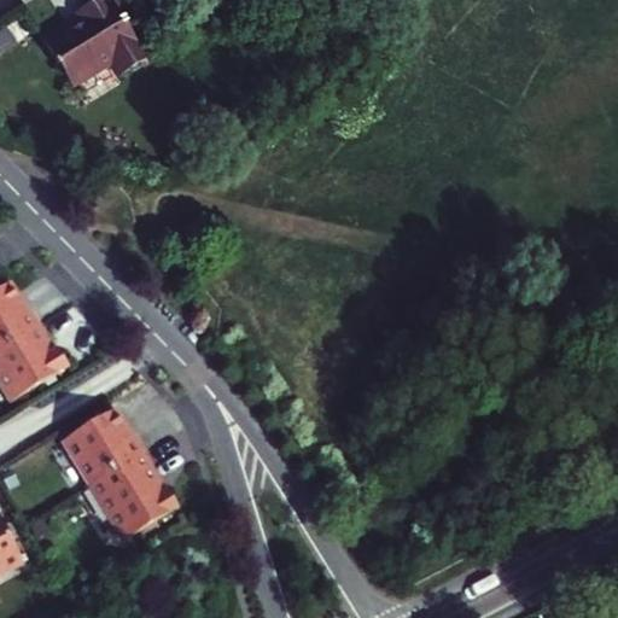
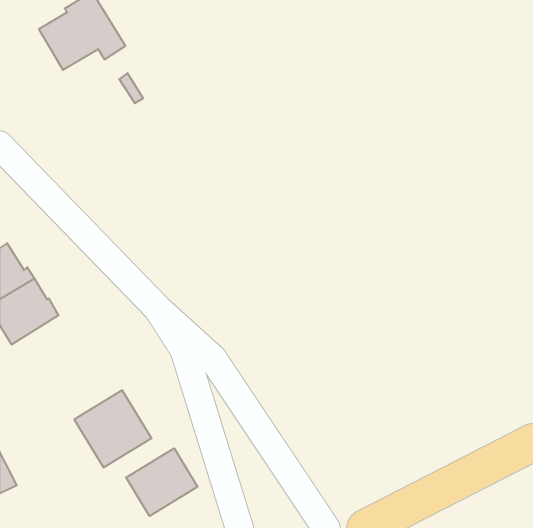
building: [58,408,146,485] -> none
building: none -> [126,448,198,516]

